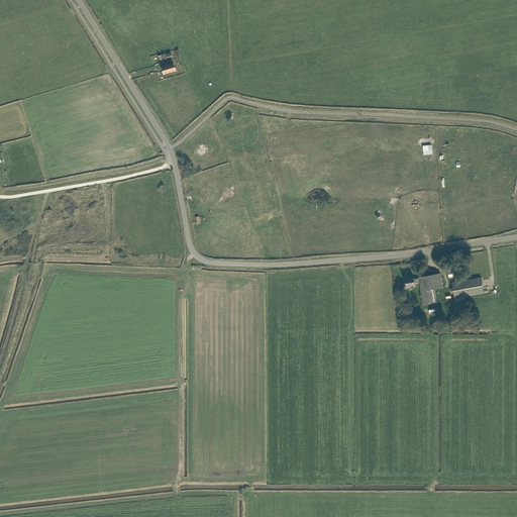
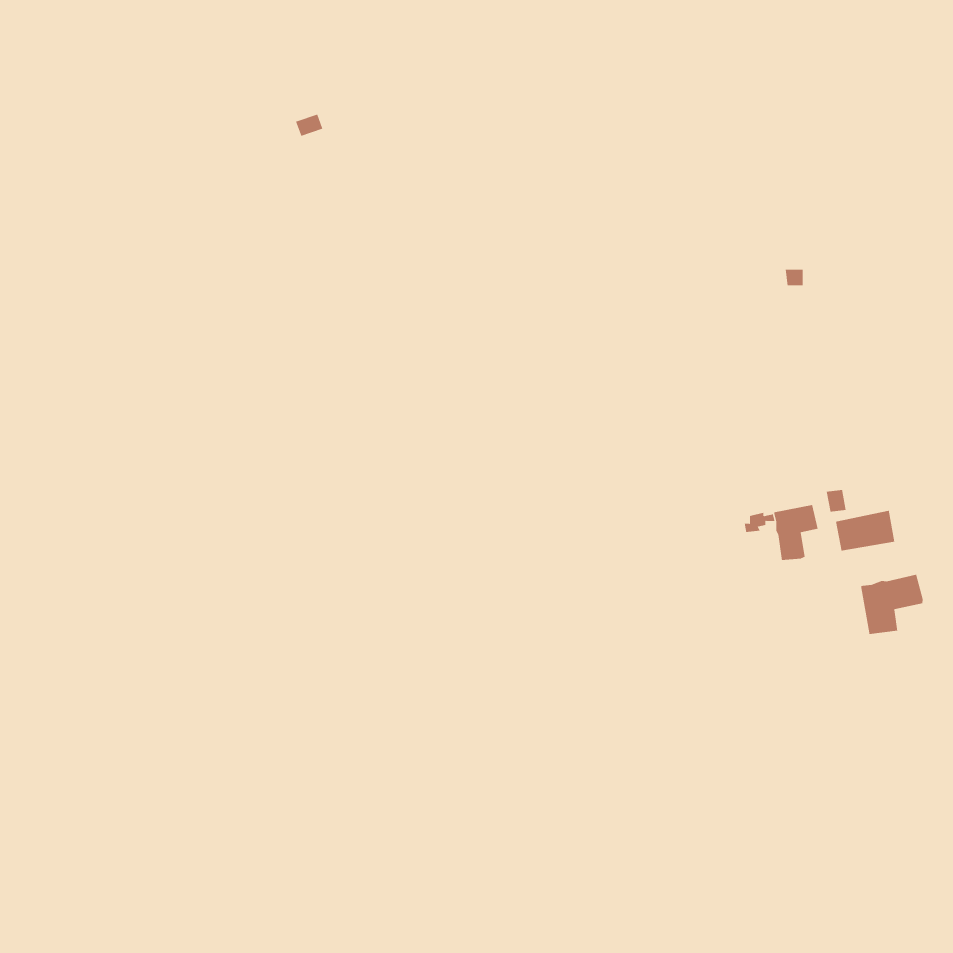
building: none -> [861,574,923,635]

